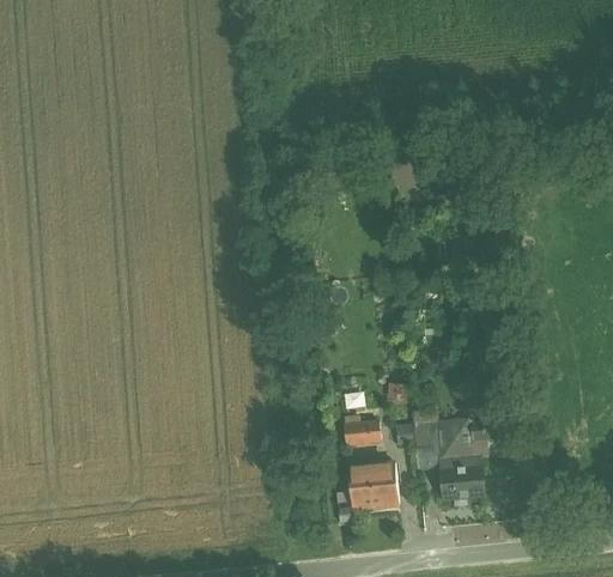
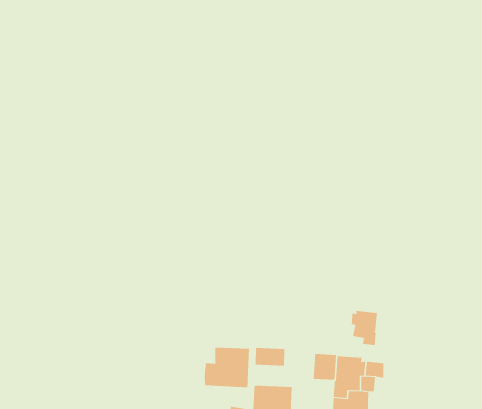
building: none -> [351,310,378,346]
building: none -> [204,347,250,388]

